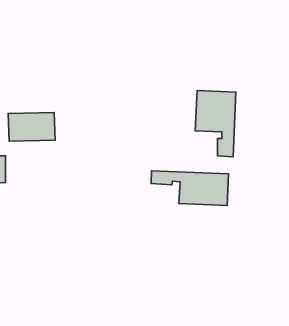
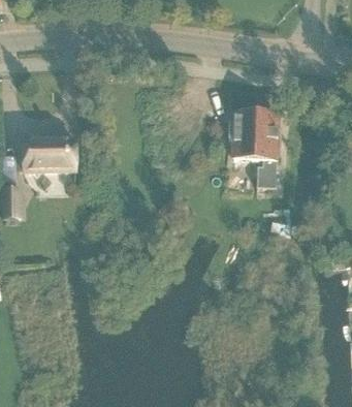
building: [151,171,228,205] -> none

